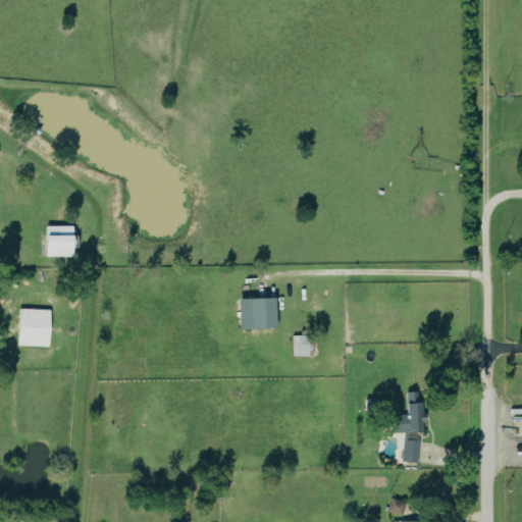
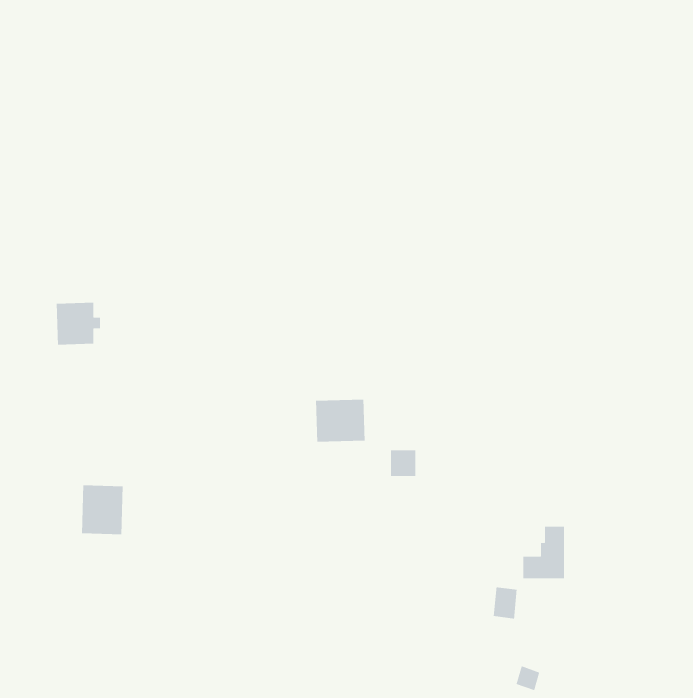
building: [19,309,51,347] -> [81,484,124,535]
building: [404,439,422,464] -> [493,587,518,619]

